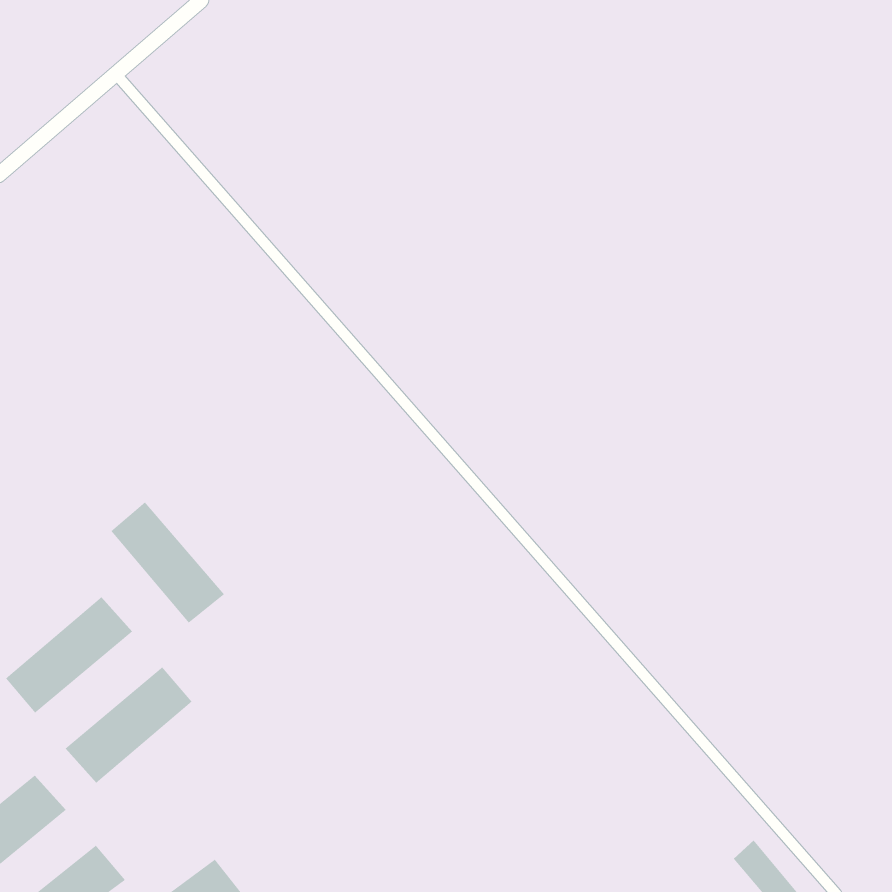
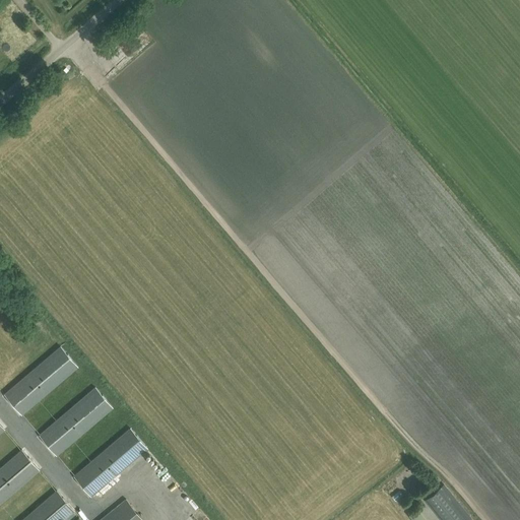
building: [111,502,225,623] -> none
building: none -> [73,429,146,497]

